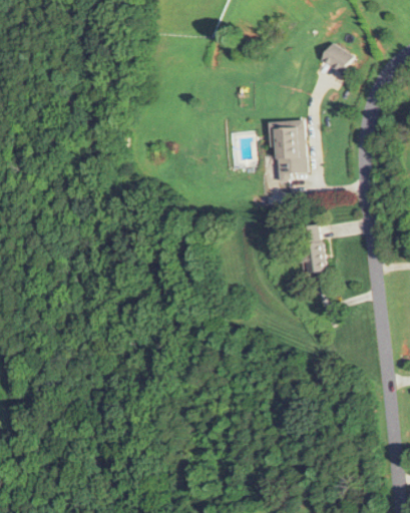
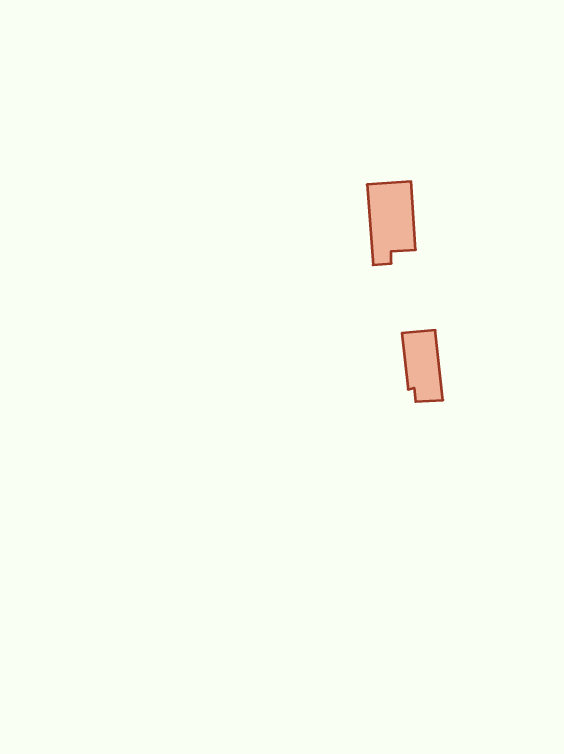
building: [320,42,353,74] -> none

